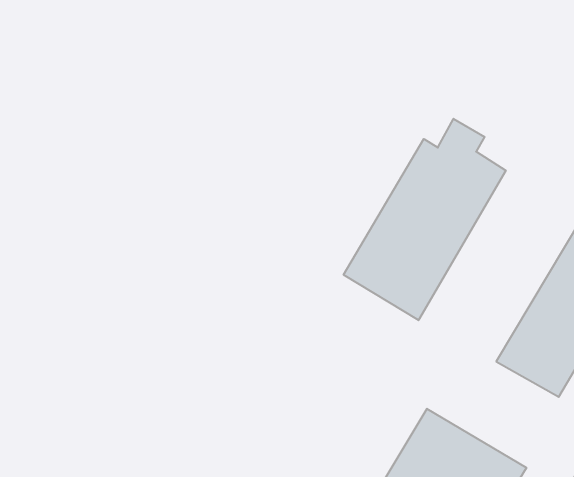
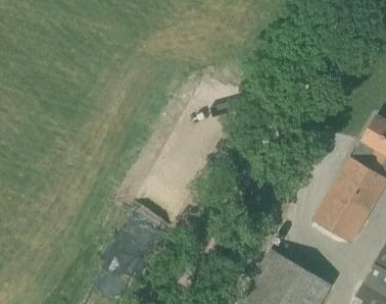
building: [344,119,506,320] -> none

